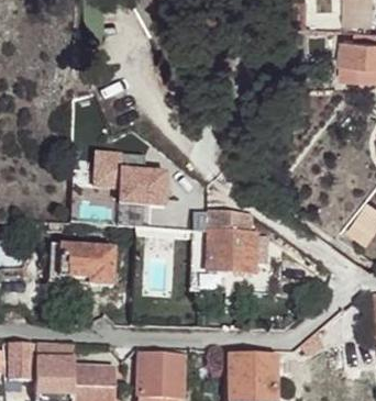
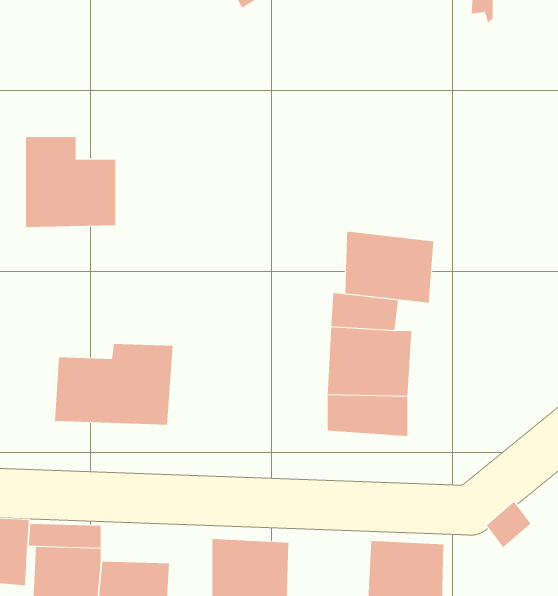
building: [112,154,165,207] -> [25,137,116,227]
building: none -> [345,231,434,304]

